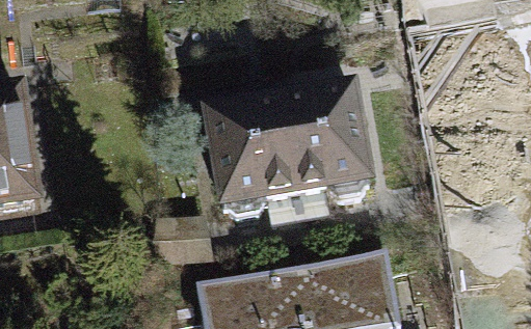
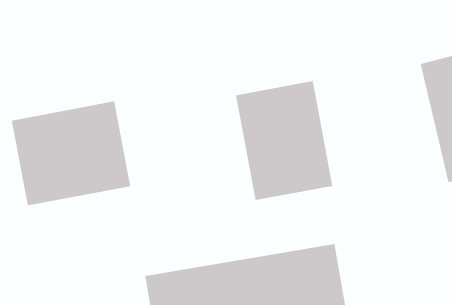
building: [209,103,306,223] -> none
building: none -> [11,101,131,206]

